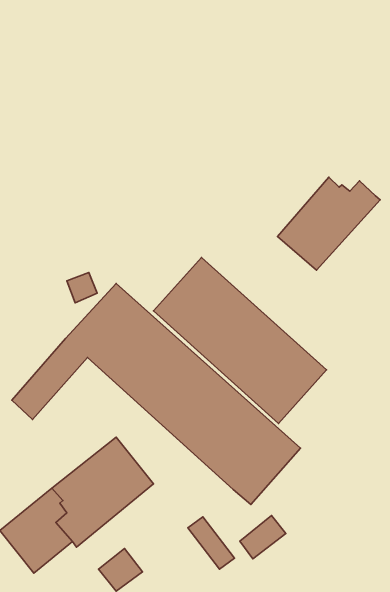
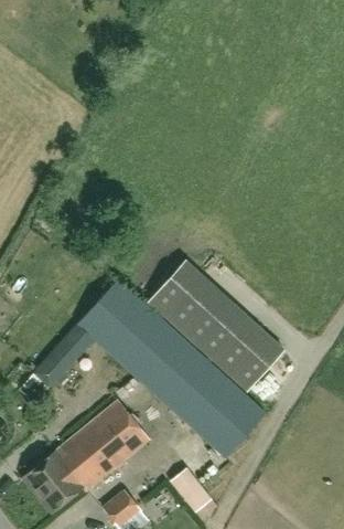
building: [277,177,380,270] -> none
building: [240,516,286,559] -> none

